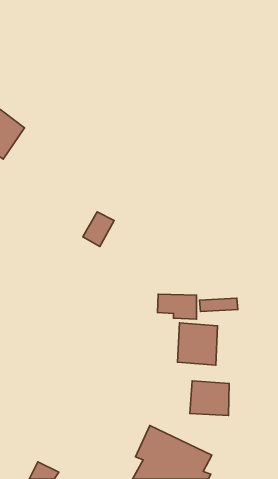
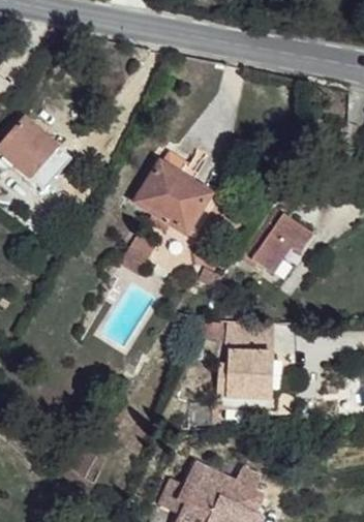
building: none -> [130,160,206,231]
building: none -> [260,210,322,271]
building: [190,381,229,415] -> none

